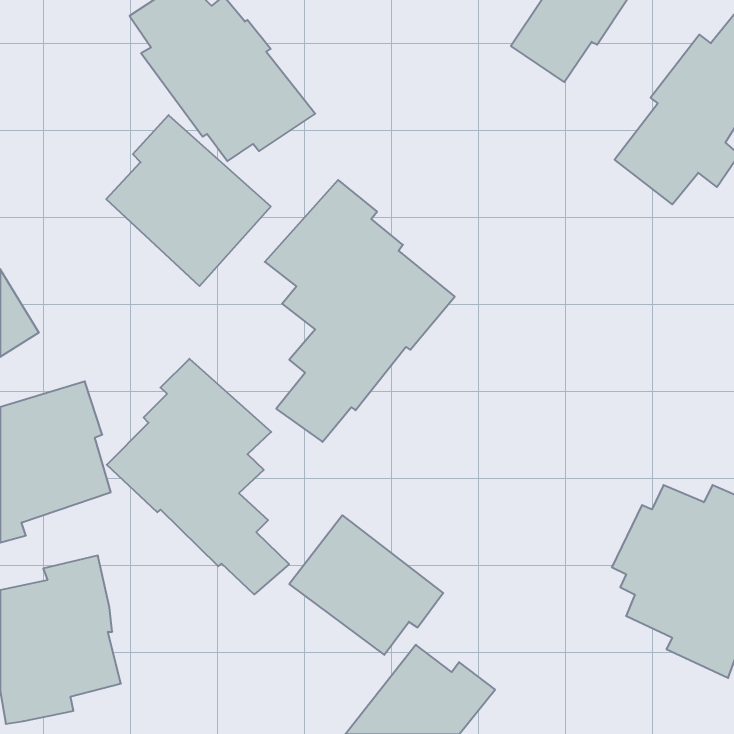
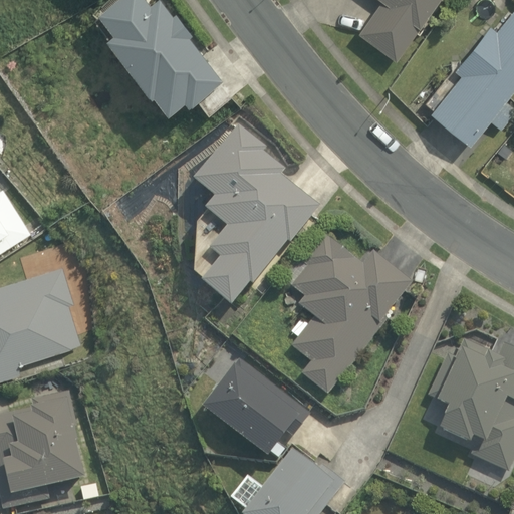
building: [106,115,271,286] -> none
building: none -> [292,229,413,396]
building: [107,359,289,594] -> none

